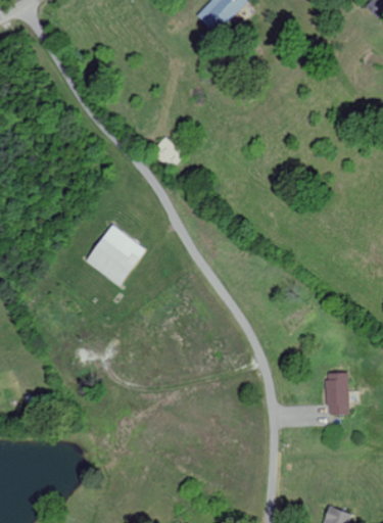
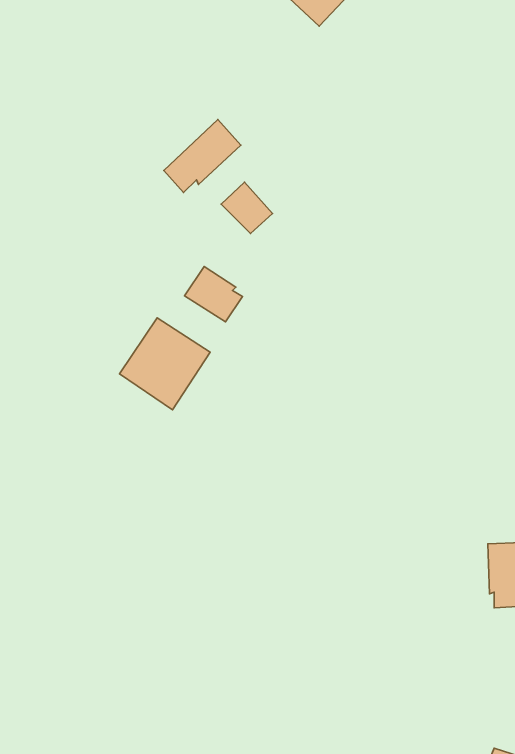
building: none -> [164,120,241,193]
building: none -> [185,266,243,322]

